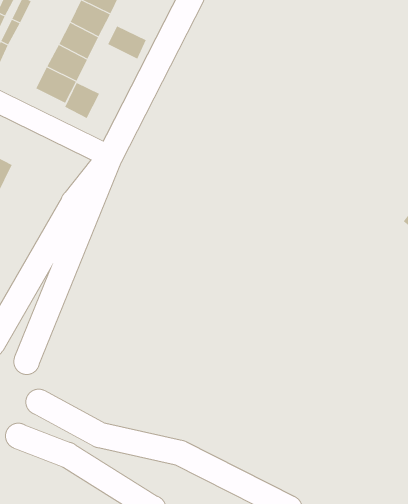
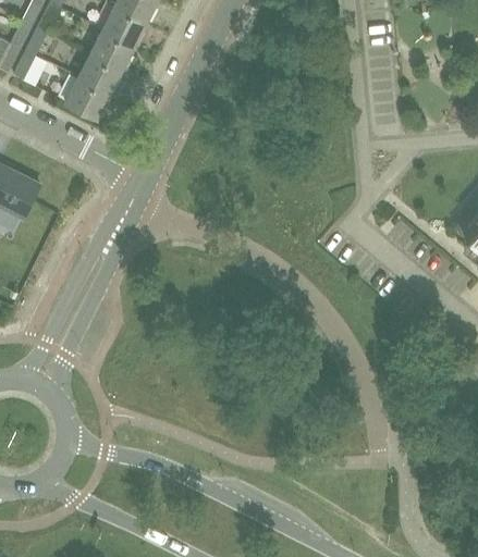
building: [107,25,146,59] -> none
building: [64,82,100,119] -> none

